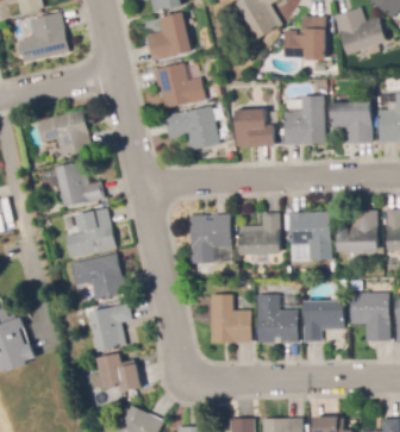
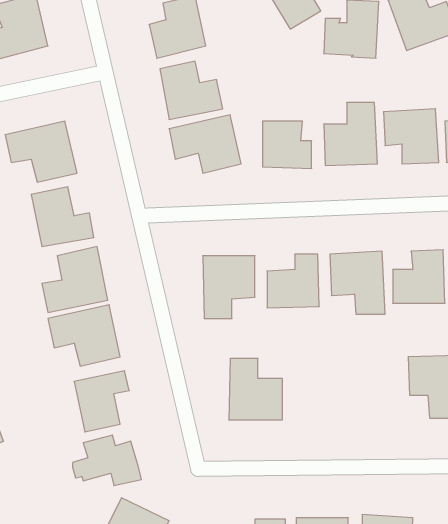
building: [256,294,298,343] -> none
building: [302,300,343,342] -> none

